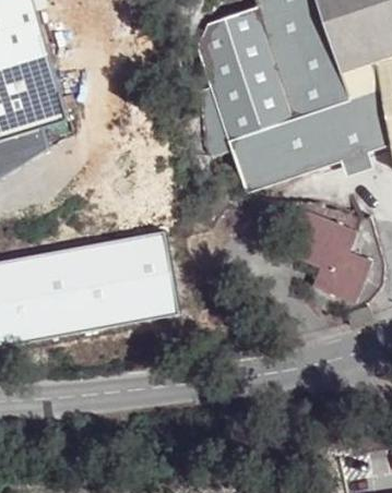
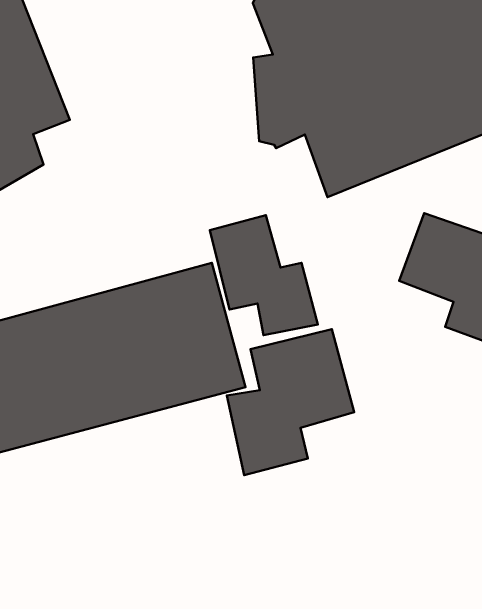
building: none -> [210,215,318,335]
building: none -> [227,329,354,475]

